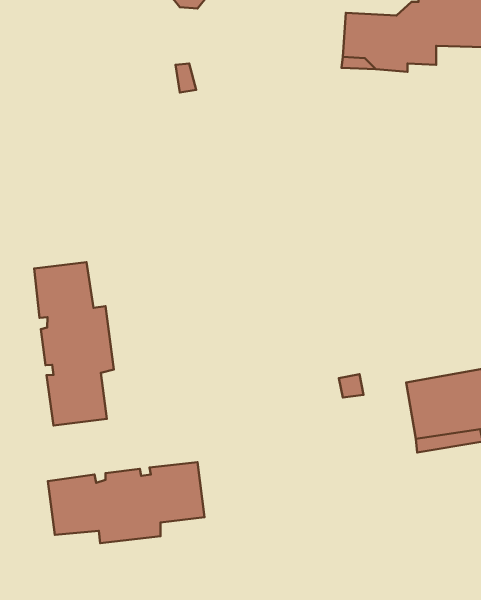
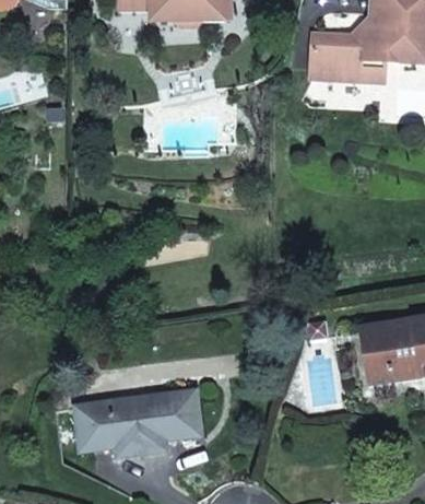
building: [34,262,114,425] -> none

